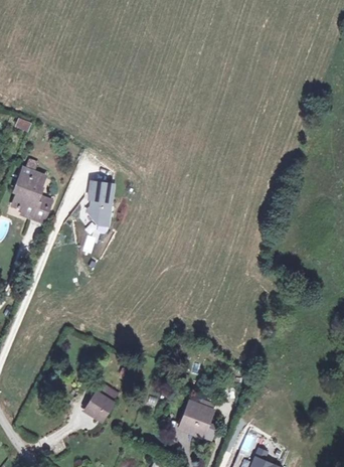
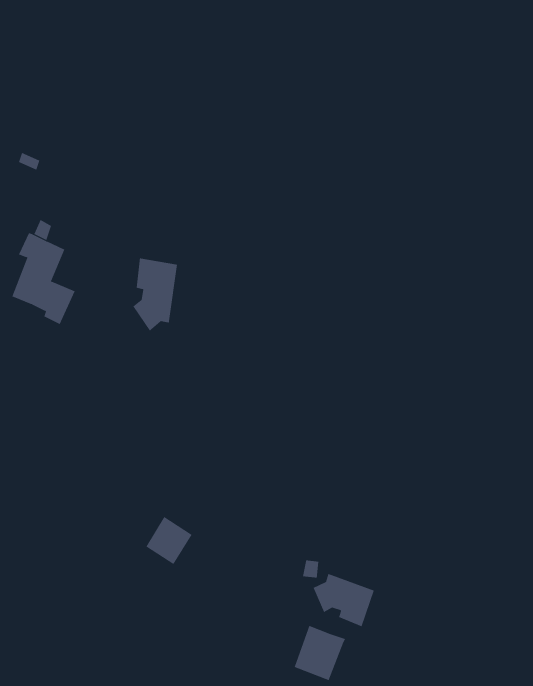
building: none -> [313,573,374,627]
building: [84,393,113,422] -> [145,516,192,565]

